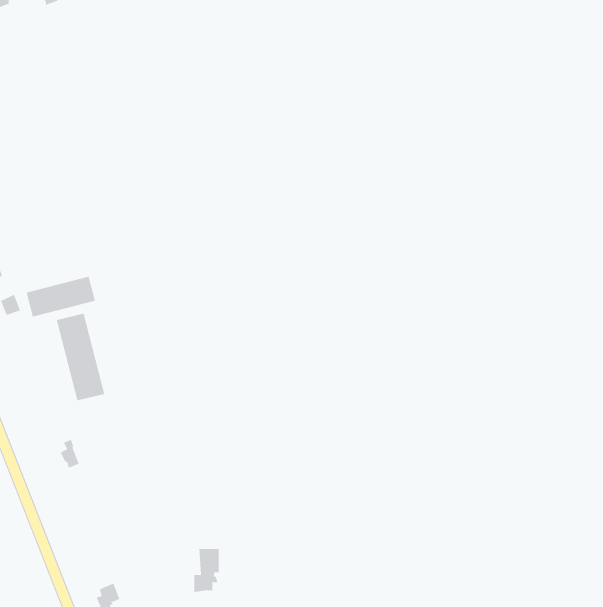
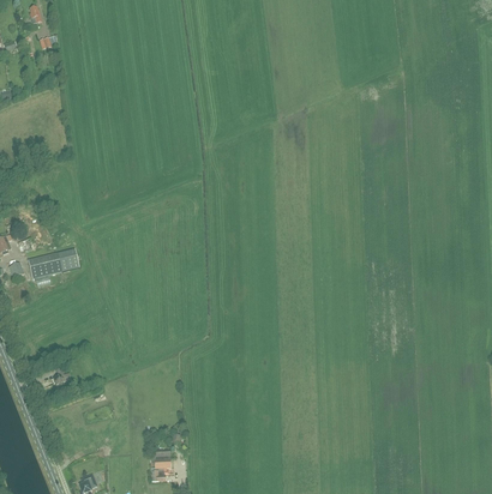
building: [56,313,105,401] -> none

